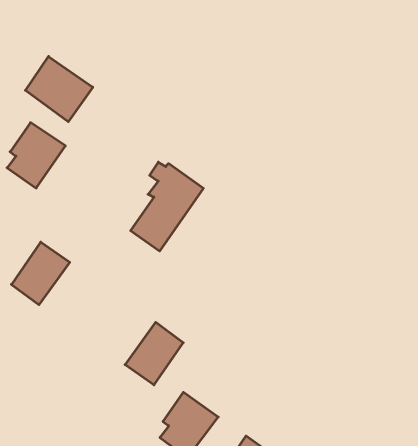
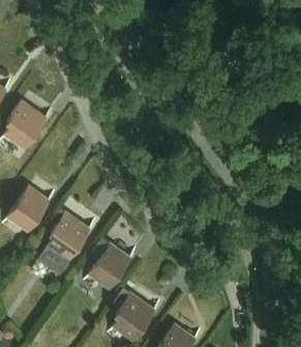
building: [25,56,93,122] -> none
building: [131,162,203,251] -> [38,210,90,273]

